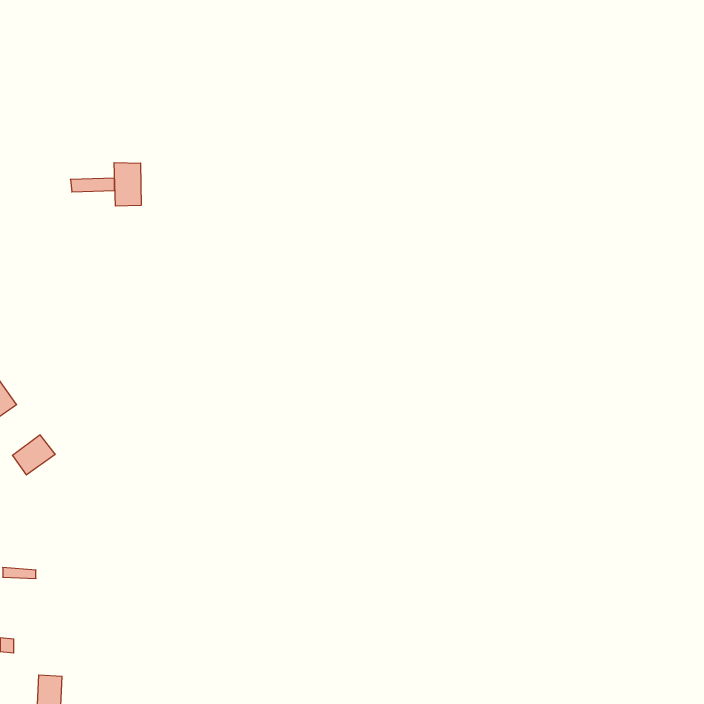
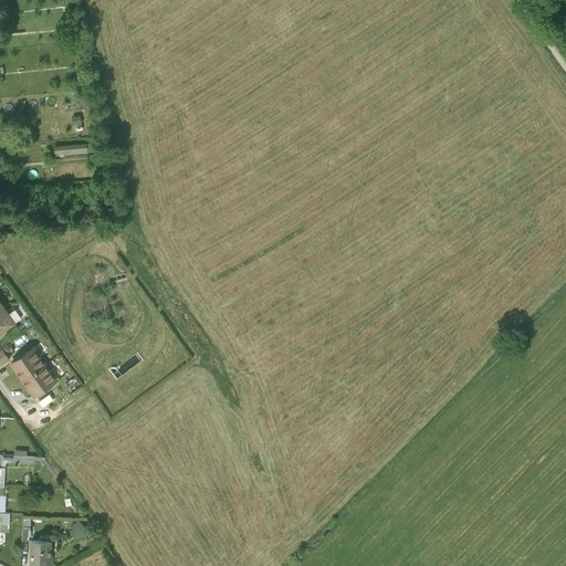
building: [114,163,141,206] -> none
building: none -> [21,365,55,398]

